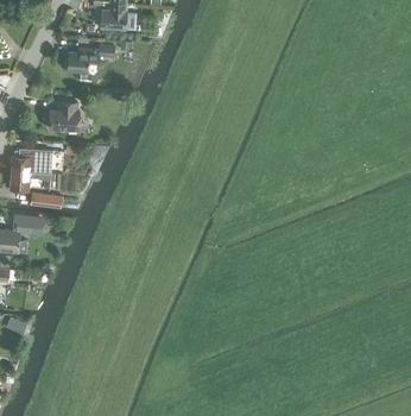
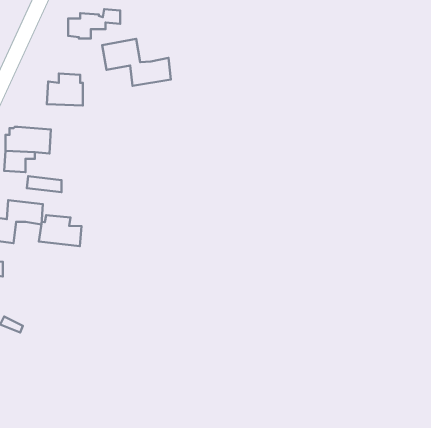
building: none -> [102,39,171,86]
building: none -> [39,215,82,246]

